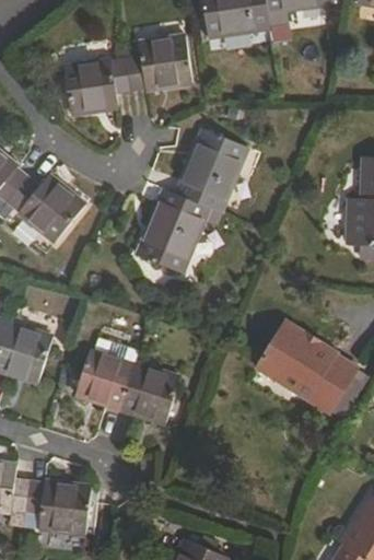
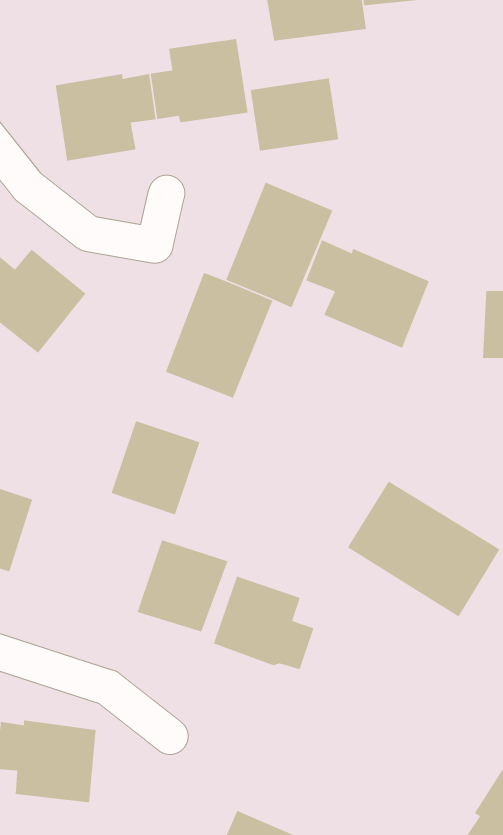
building: none -> [250,78,339,151]
building: none -> [305,239,430,349]
building: [77,348,136,410] -> [110,420,201,515]
building: none -> [213,576,315,670]

